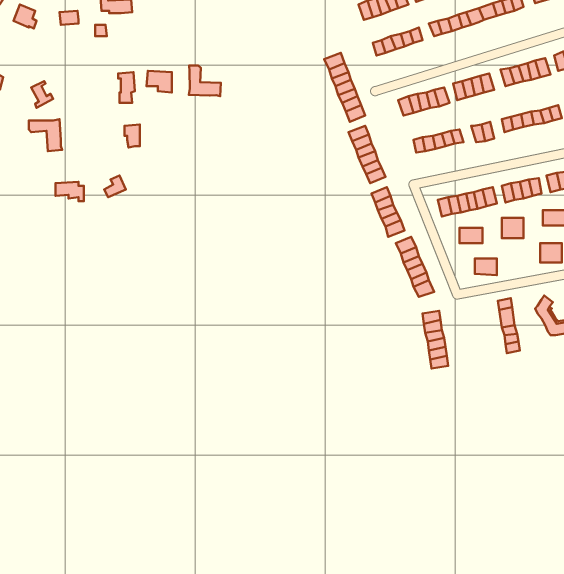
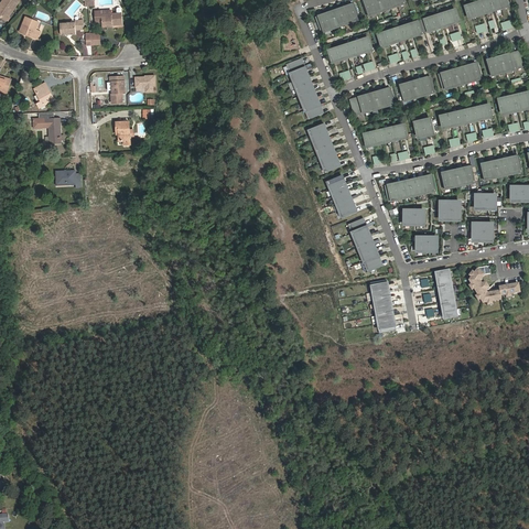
building: [189,65,221,96] -> none

